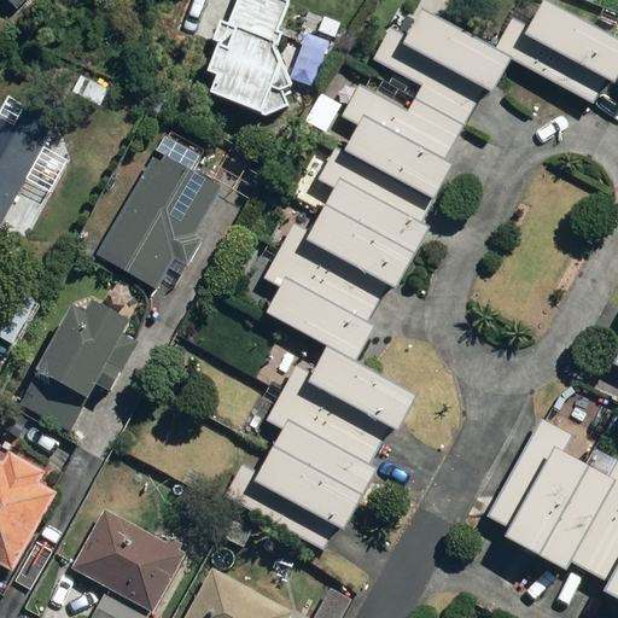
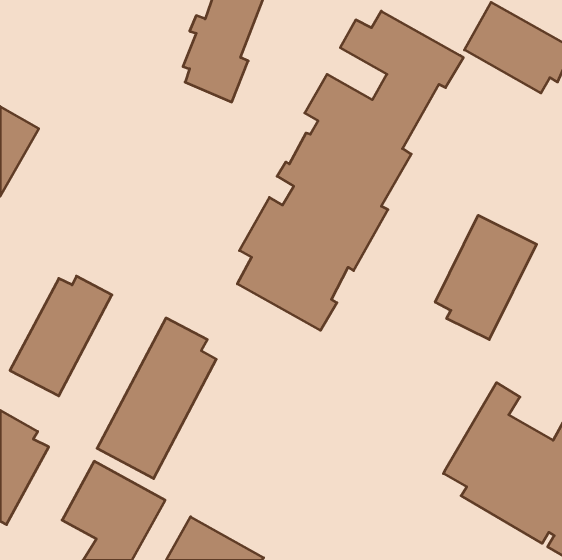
building: [95,145,223,285] -> none
building: none -> [435,215,537,340]
building: none -> [97,318,216,479]
building: [229,355,416,549] -> none

